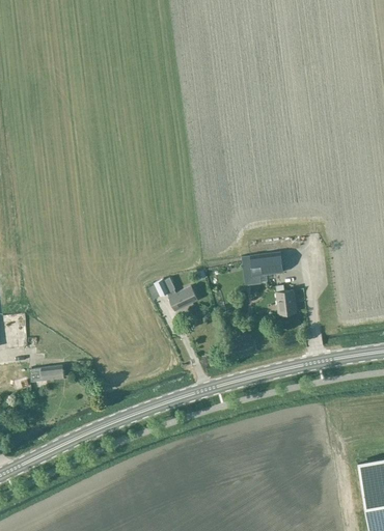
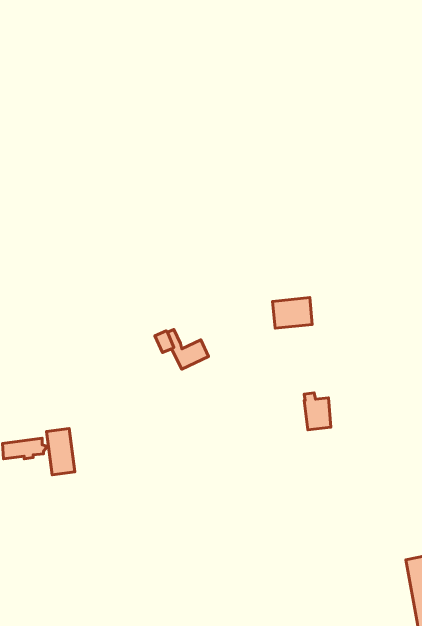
building: [275,287,297,317] -> [304,393,331,430]
building: none -> [46,428,75,475]

